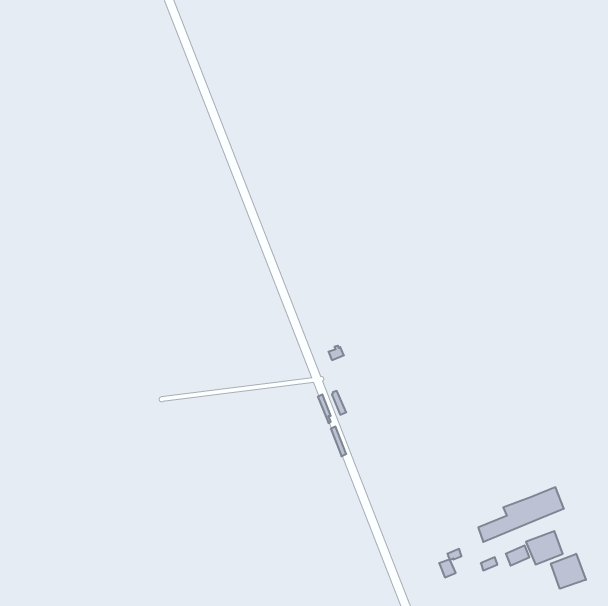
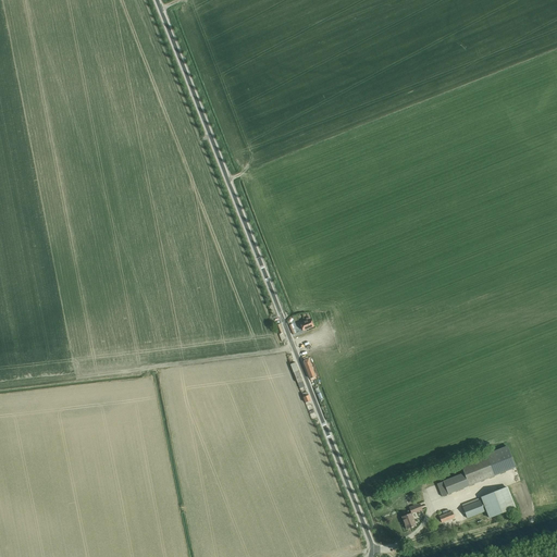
building: [551,554,586,589] -> none

